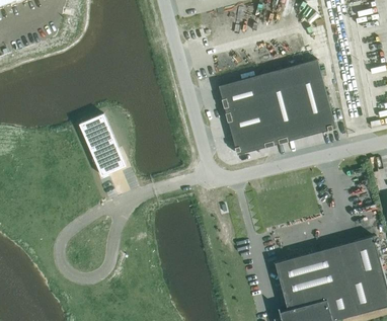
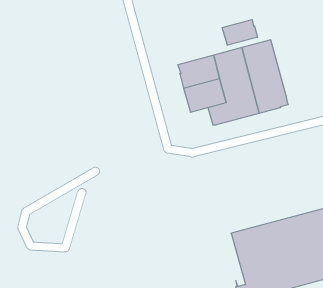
building: none -> [222,20,257,45]
building: [81,112,129,175] -> none
building: [233,130,256,153] -> none

